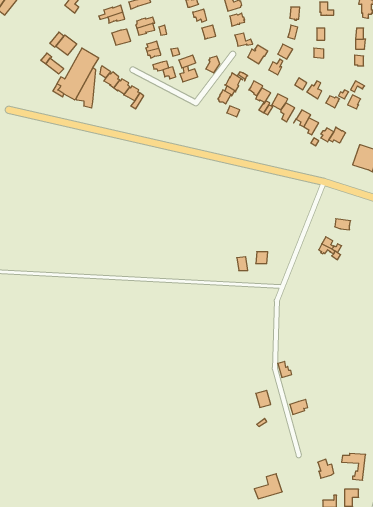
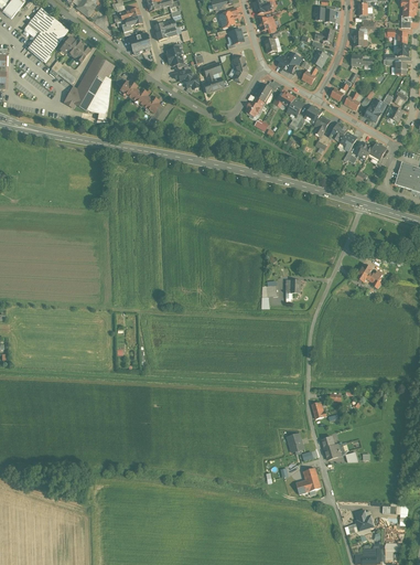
building: none -> [24,8,66,60]
building: [254,474,282,499] -> [290,467,321,494]

